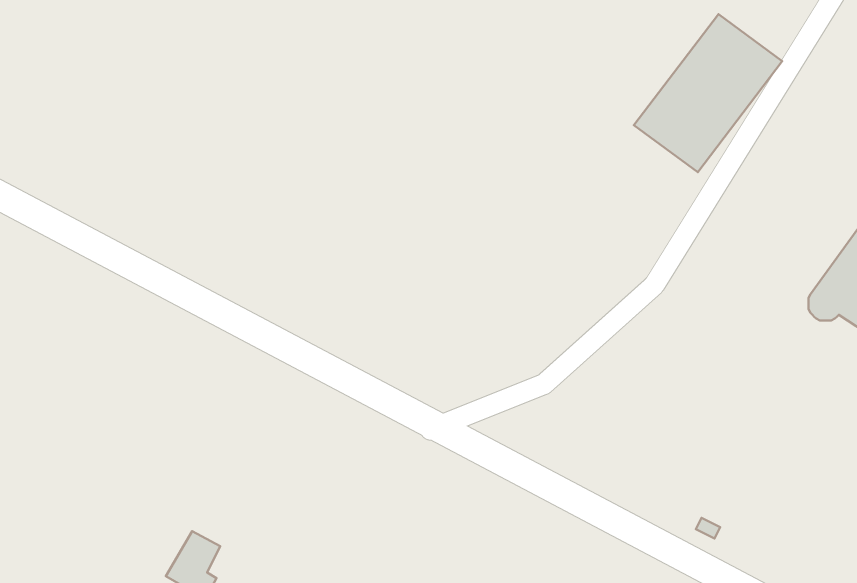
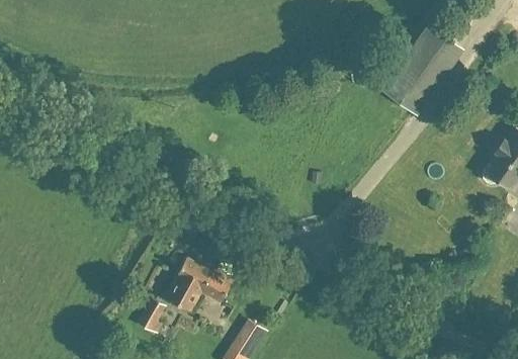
building: none -> [164,260,233,312]

